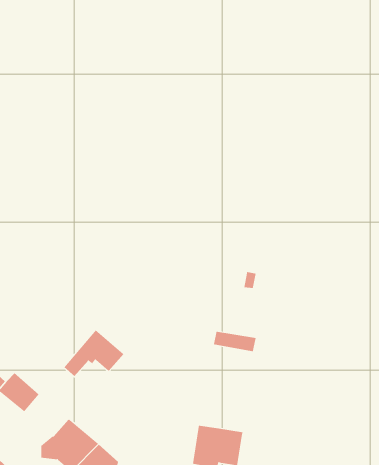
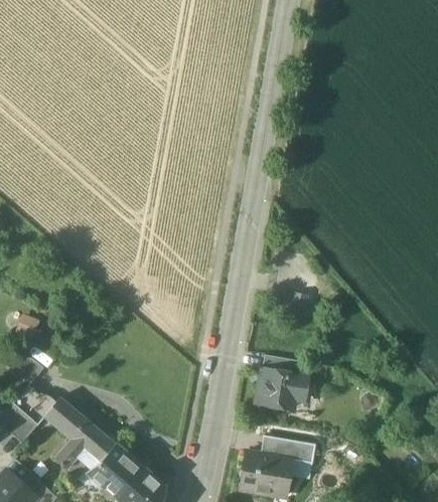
building: [64,329,124,377] -> [53,421,115,469]
building: none -> [258,370,307,409]
building: none -> [268,438,315,465]

